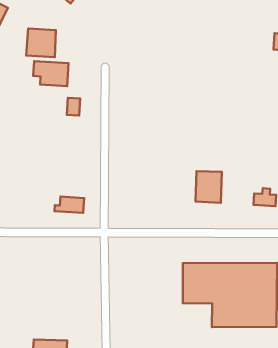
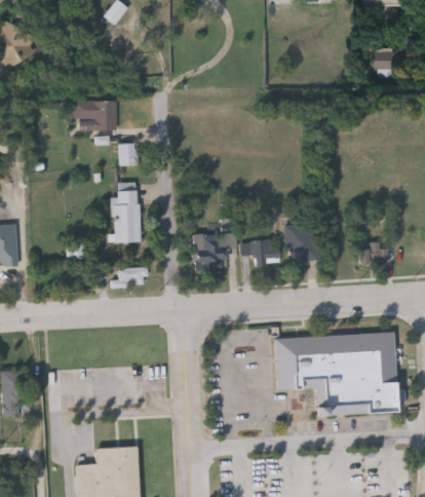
building: [26,29,56,57] -> none
building: none -> [112,181,142,242]
building: none -> [194,232,236,269]
building: none -> [241,239,281,265]

